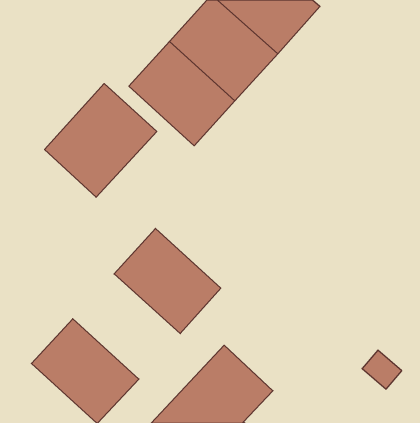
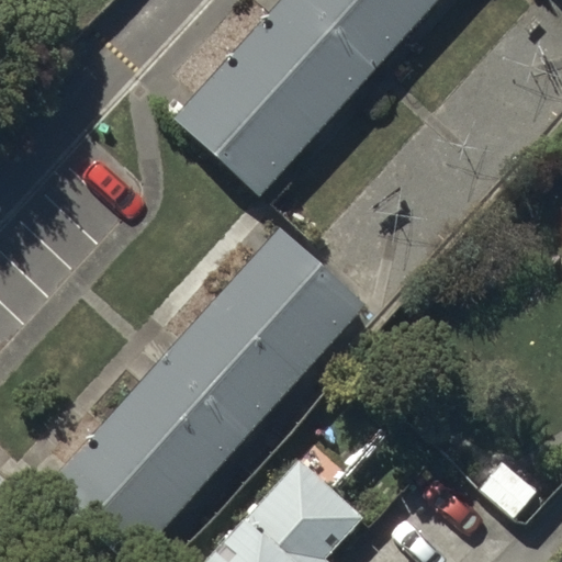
building: [45,84,157,197] -> none
building: none -> [210,226,367,382]
building: none -> [100,363,243,503]

